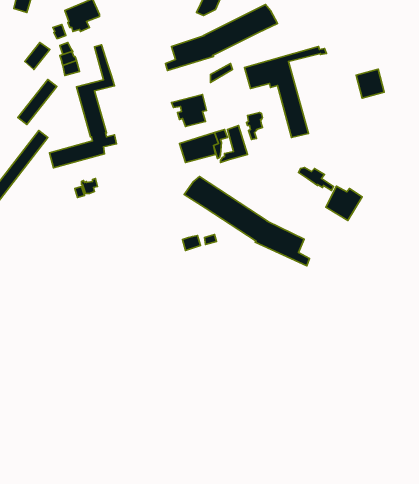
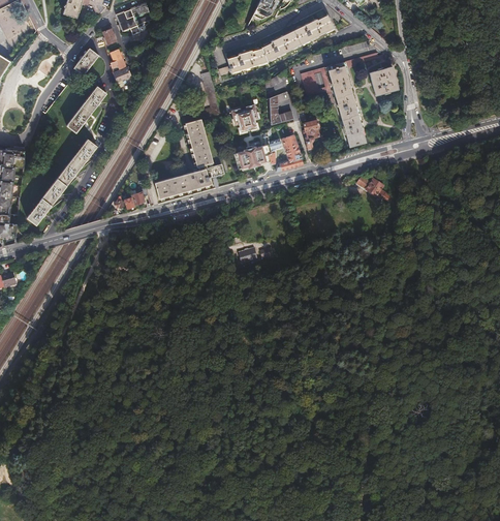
building: [49,45,116,168] -> [154,71,223,198]
building: [356,69,384,98] -> [369,66,398,96]
building: none -> [265,92,292,125]
building: [184,176,310,266] -> none
building: [326,186,362,220] -> none

